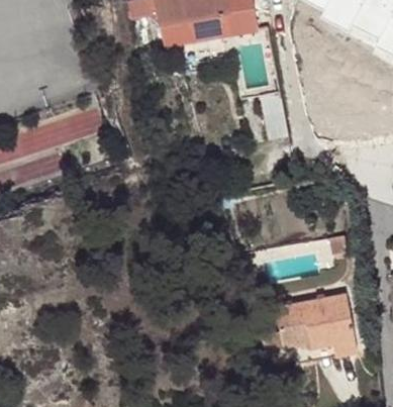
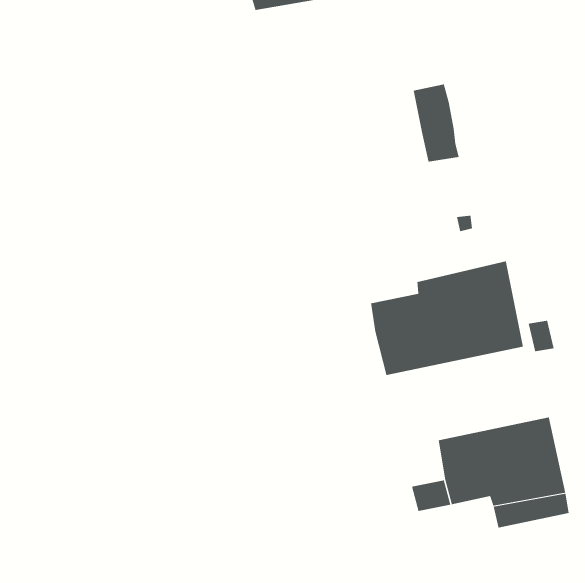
building: none -> [370,260,524,376]

